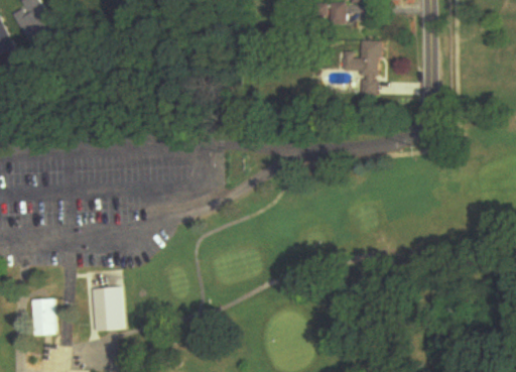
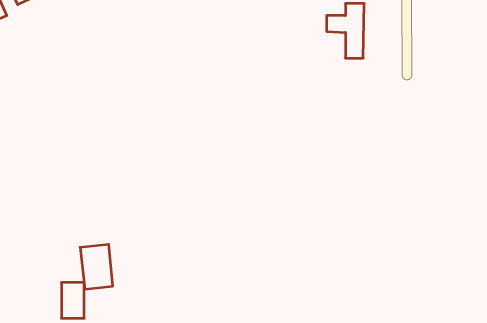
building: [29,298,52,335] -> [61,283,84,318]

